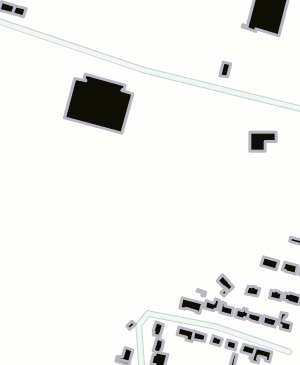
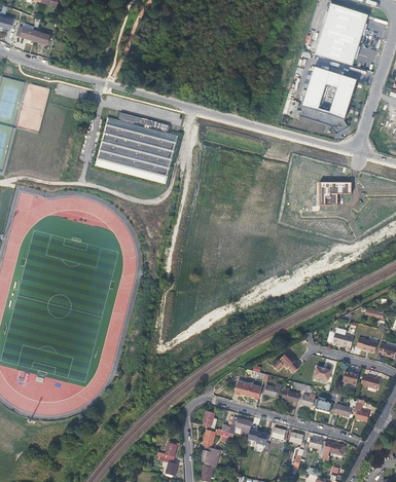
building: none -> [299,67,357,134]

